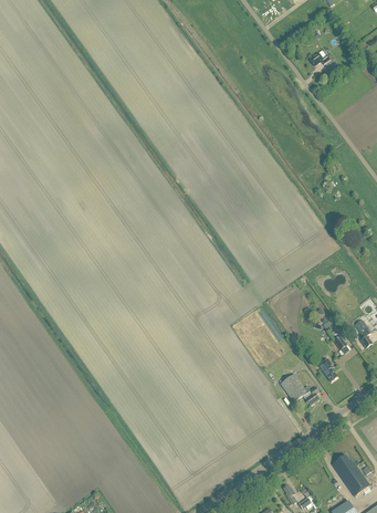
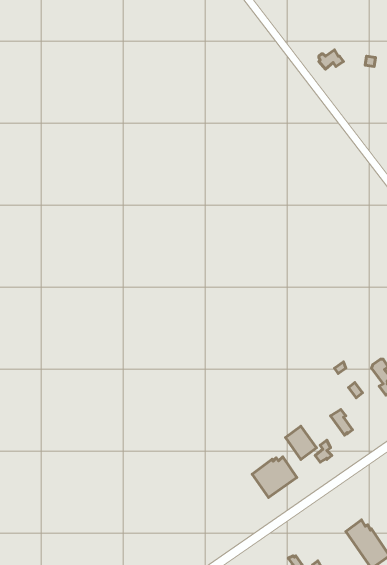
building: none -> [252,457,297,497]

